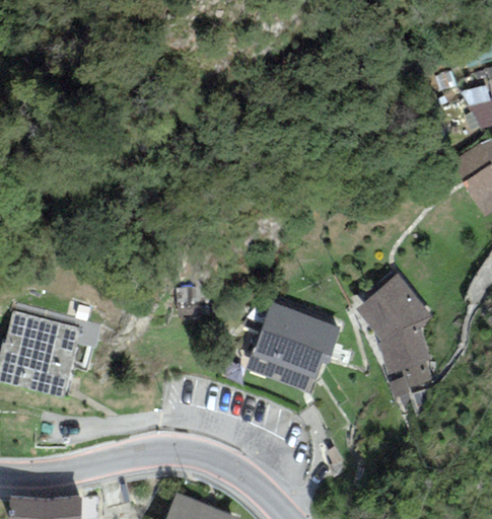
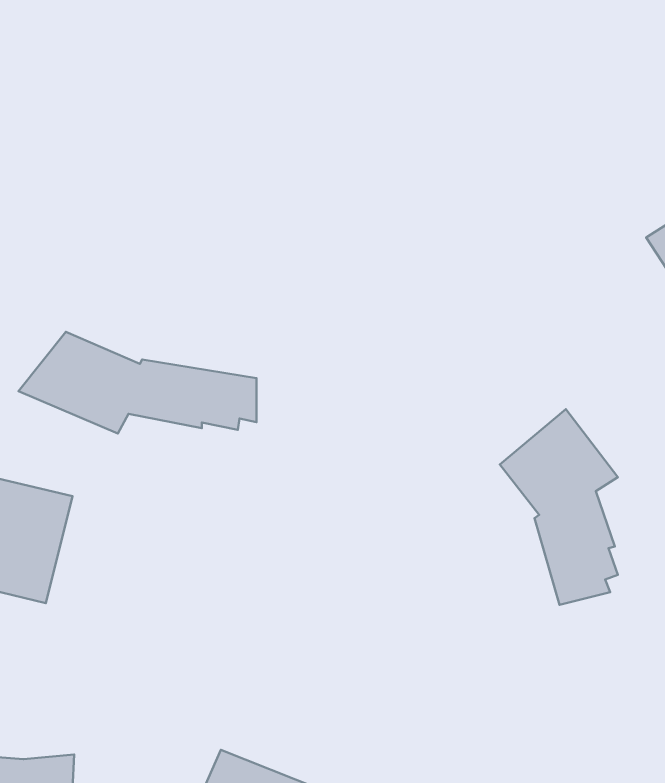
building: none -> [19,332,257,433]
building: [247,302,341,392] -> none

